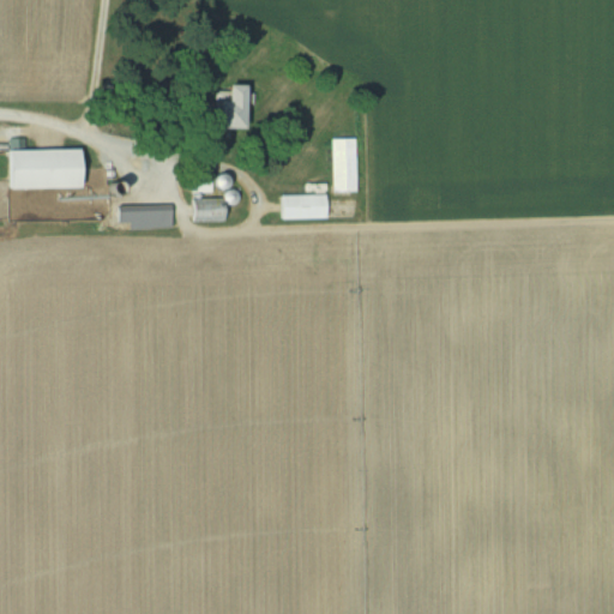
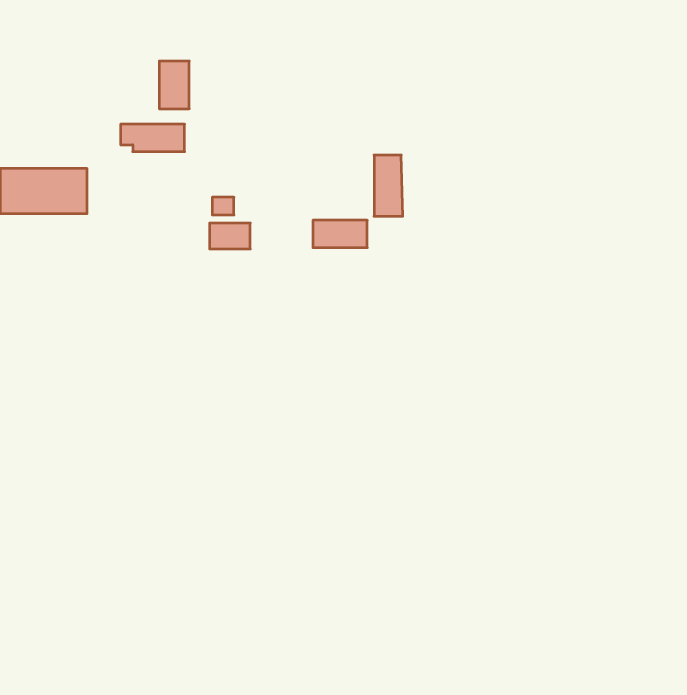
building: [217,86,243,128] -> [159,61,189,109]
building: [120,204,176,228] -> [121,124,185,152]

